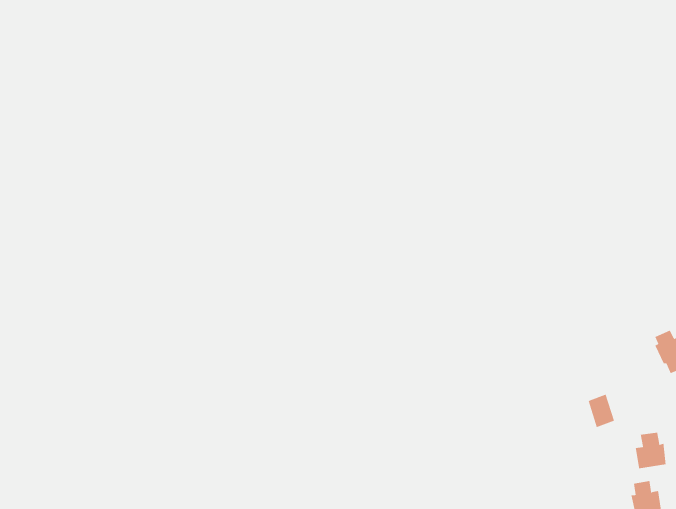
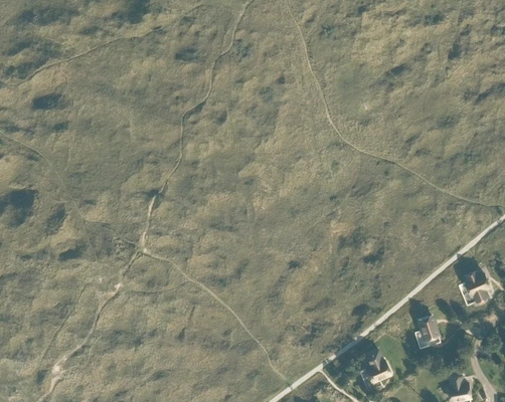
building: [635,432,666,469] -> none
building: none -> [366,351,390,383]

